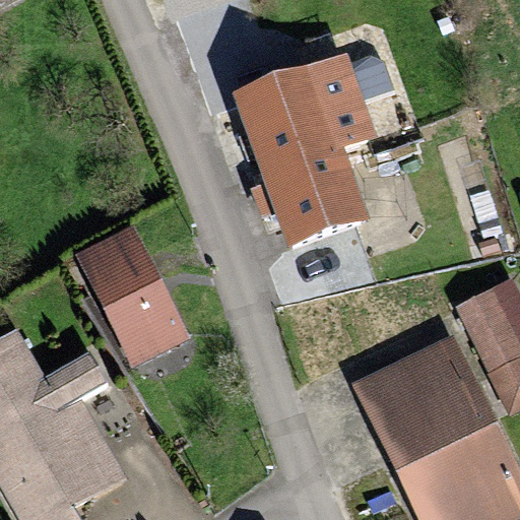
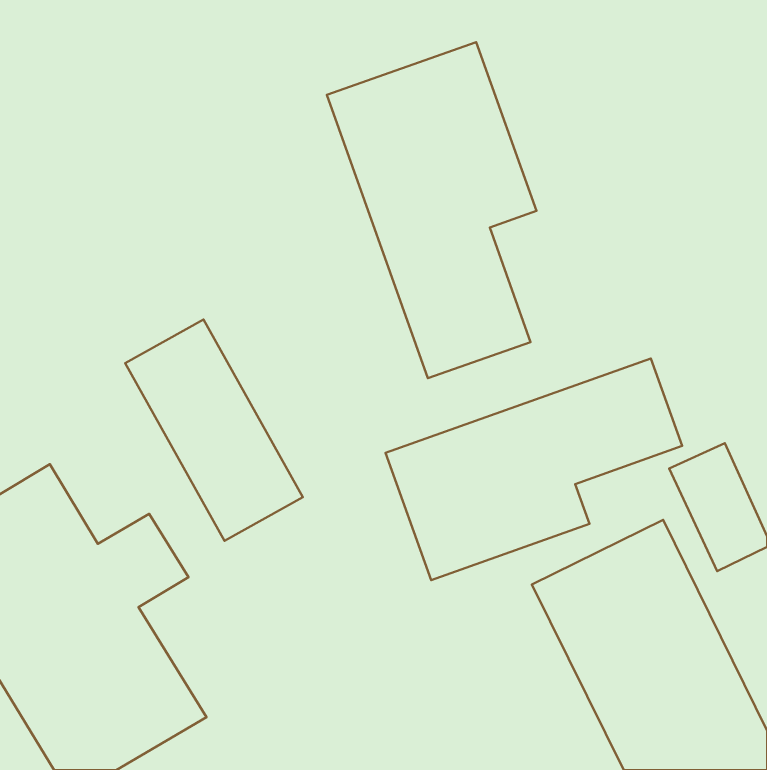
building: none -> [385,358,682,580]

